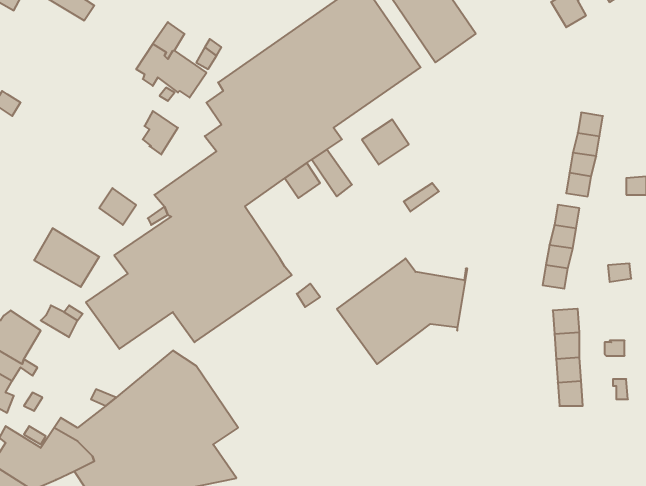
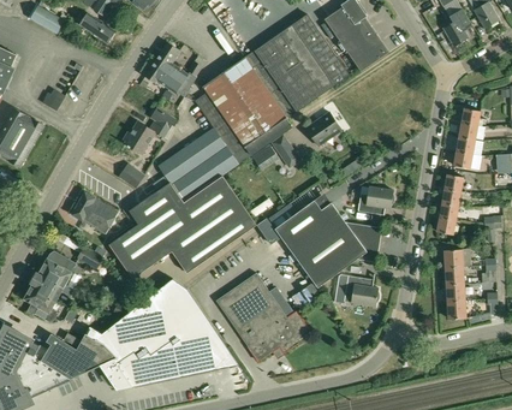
building: none -> [123,119,155,153]
building: none -> [357,185,393,213]
building: none -> [274,200,338,248]
building: none -> [215,272,310,361]
building: none -> [345,275,379,305]

